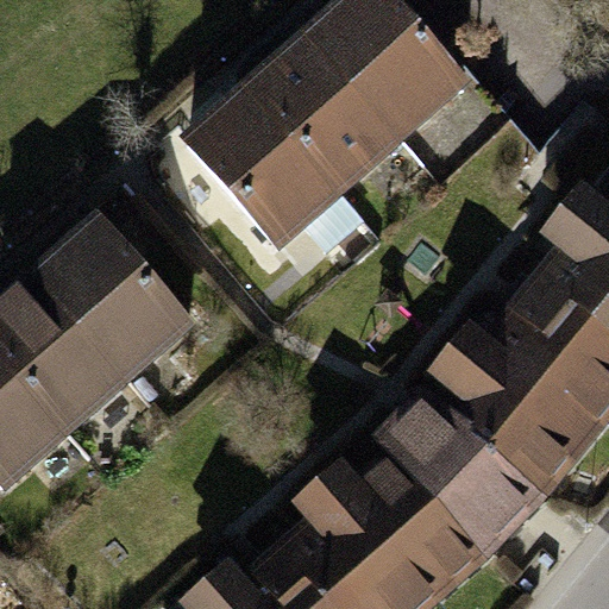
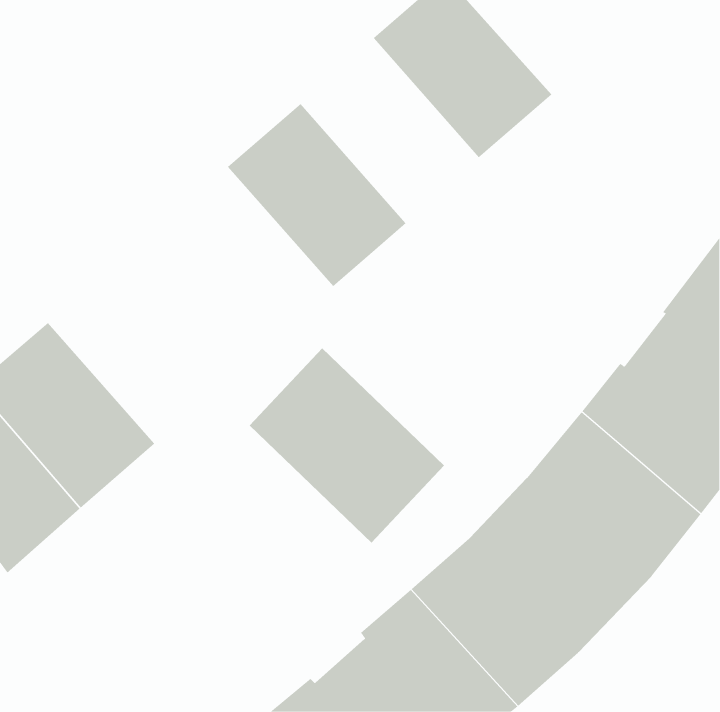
building: [253,32,403,188] -> none
building: [40,216,193,373] -> none
building: none -> [249,348,445,543]

